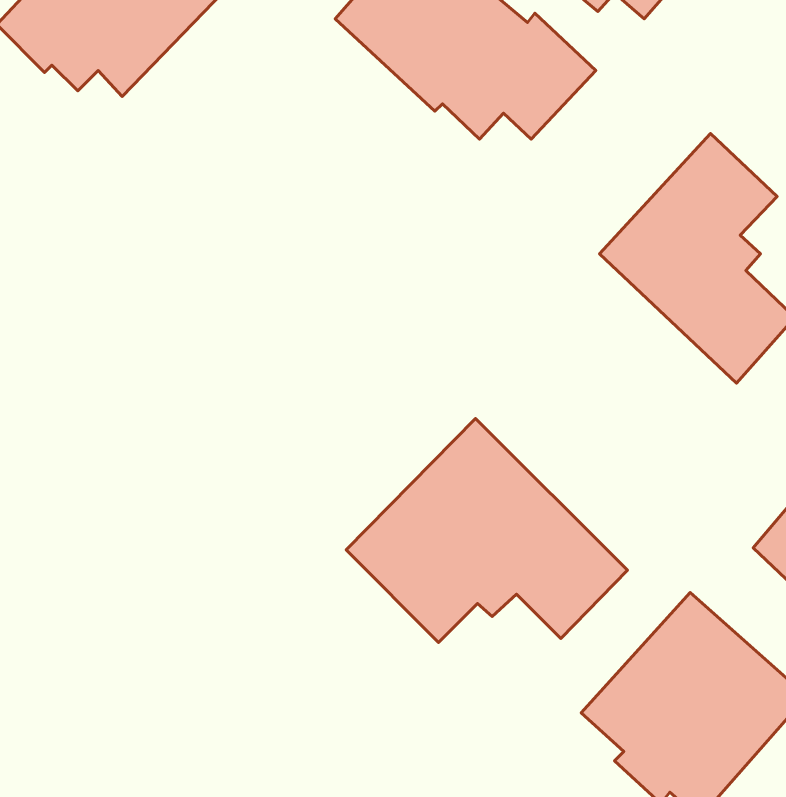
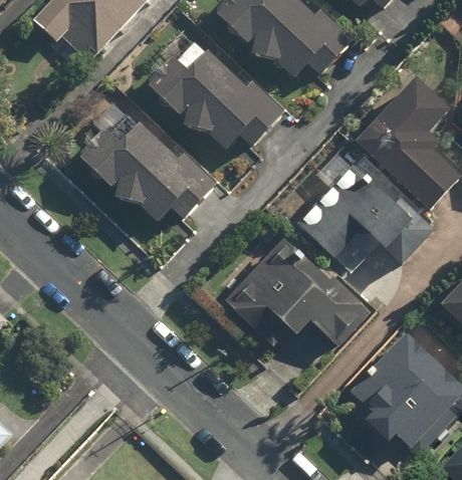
building: none -> [147,35,286,150]
building: none -> [78,117,220,223]
building: none -> [296,166,434,264]

